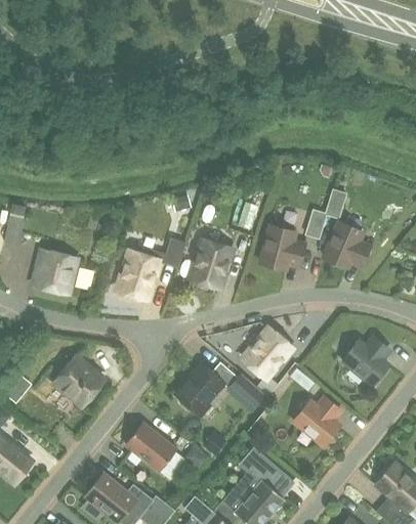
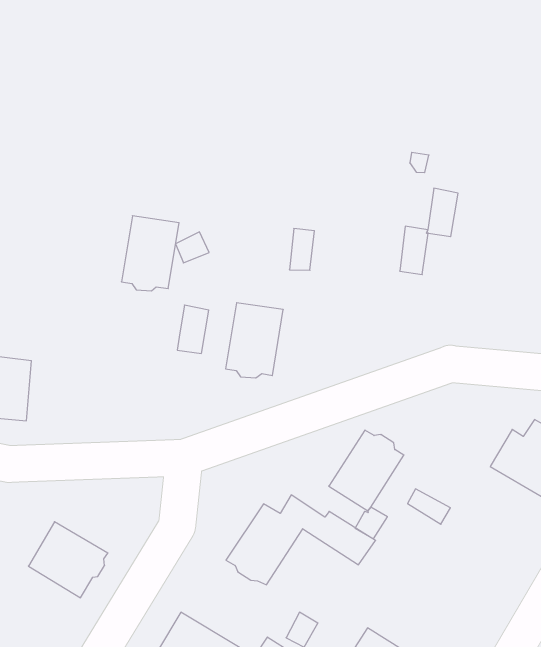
building: [323,222,370,268] -> none
building: [260,225,304,269] -> none
building: [118,252,158,299] -> [121,216,179,291]
building: [293,397,342,445] -> none

